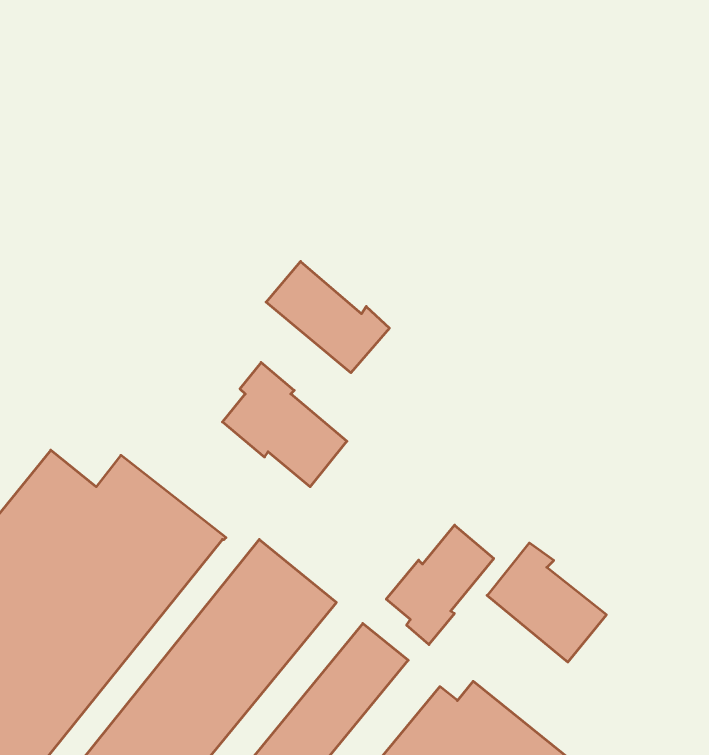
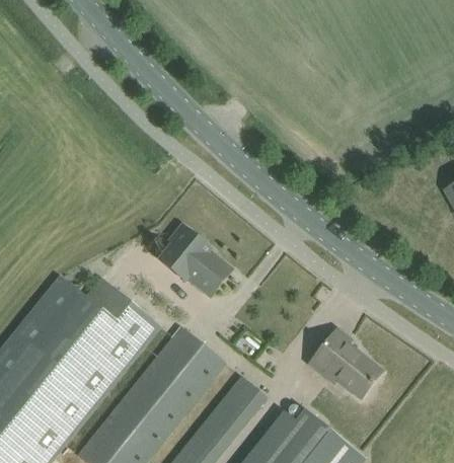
building: [266,261,389,373] -> none
building: [386,525,494,645] -> none

